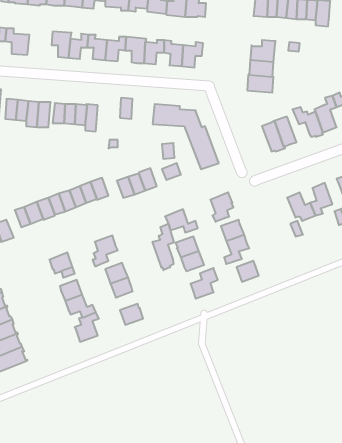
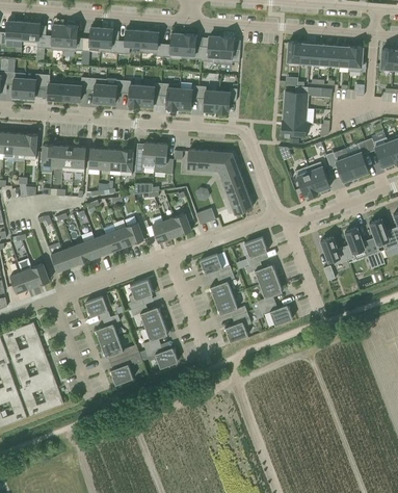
building: none -> [63,78,88,102]
building: none -> [135,142,156,173]
building: [153,223,174,270] -> none

